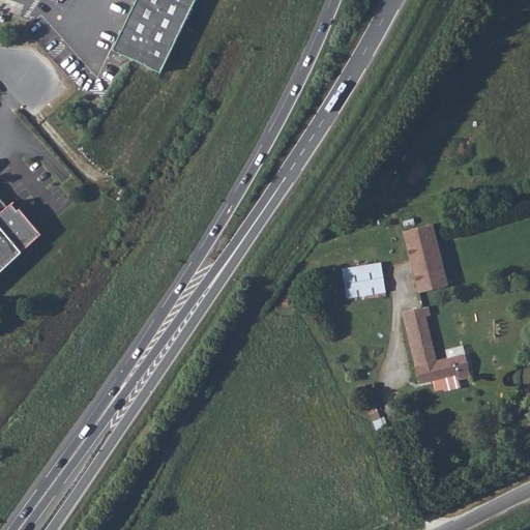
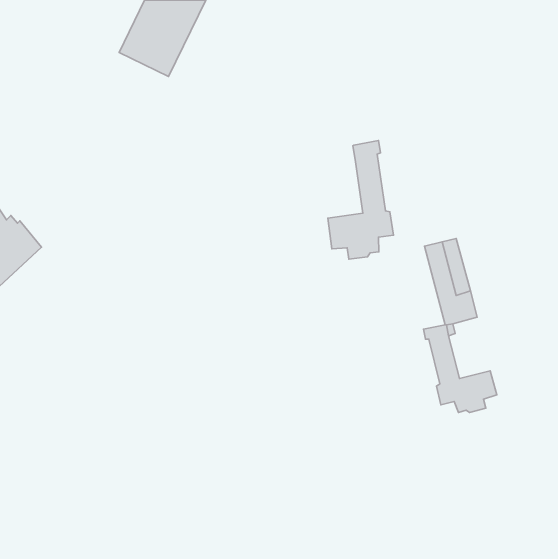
building: none -> [328,141,394,259]
building: [341,263,384,298] -> none

